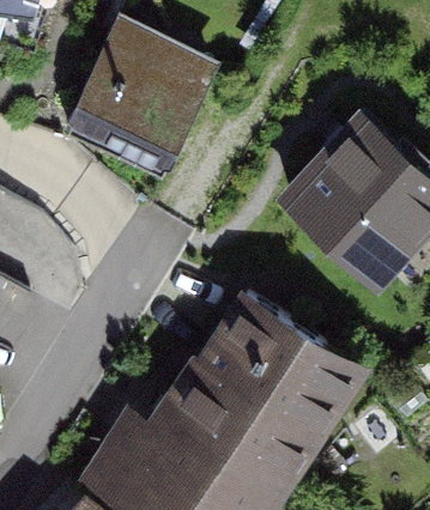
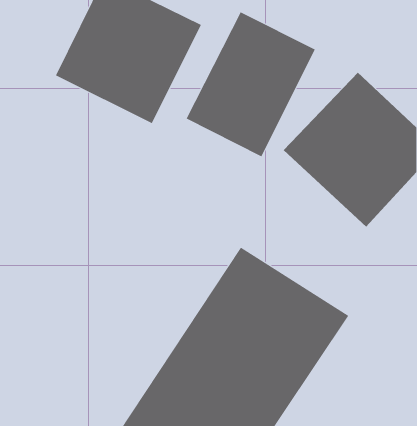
building: none -> [186,12,316,157]

